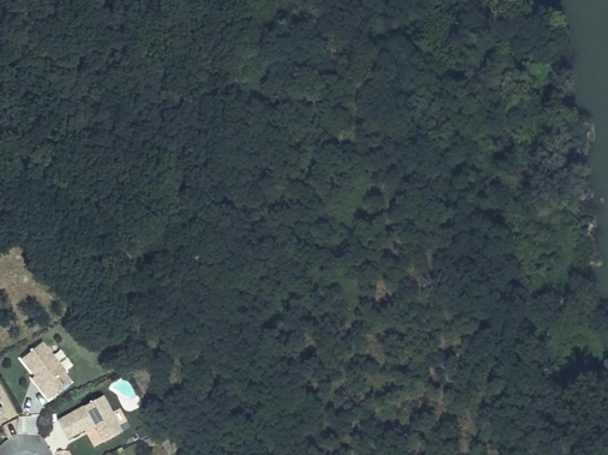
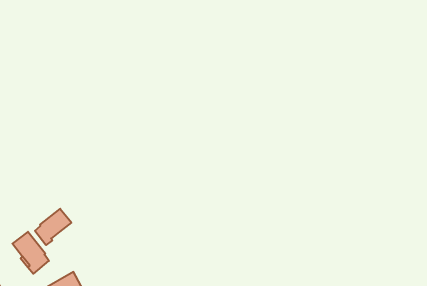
building: none -> [35,209,71,245]

